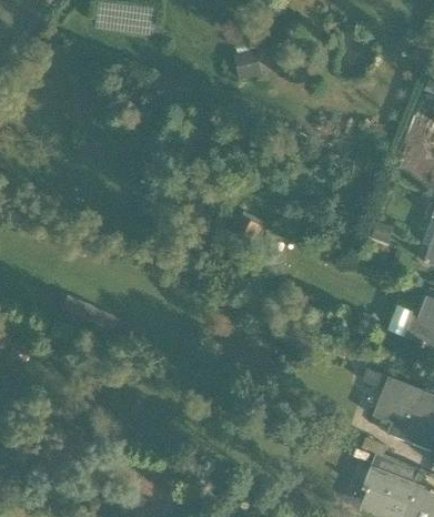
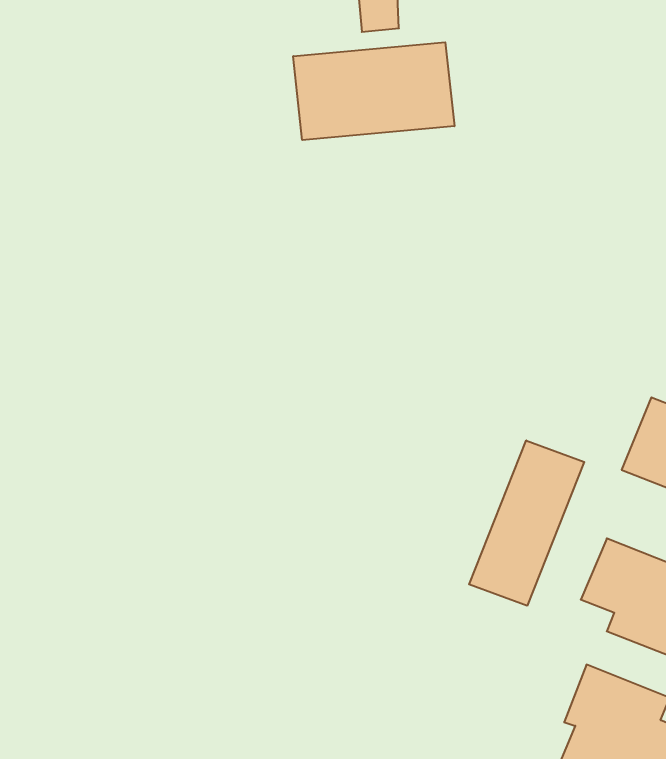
building: none -> [293,42,454,140]
building: none -> [469,440,584,606]

